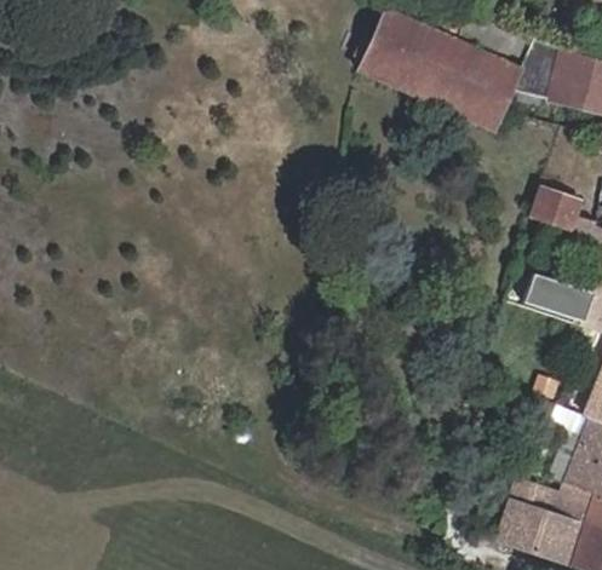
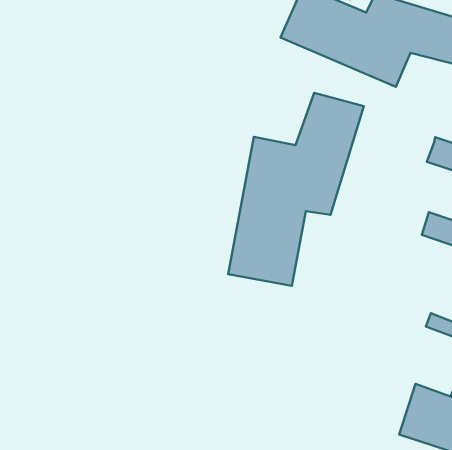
building: none -> [228,93,364,286]

